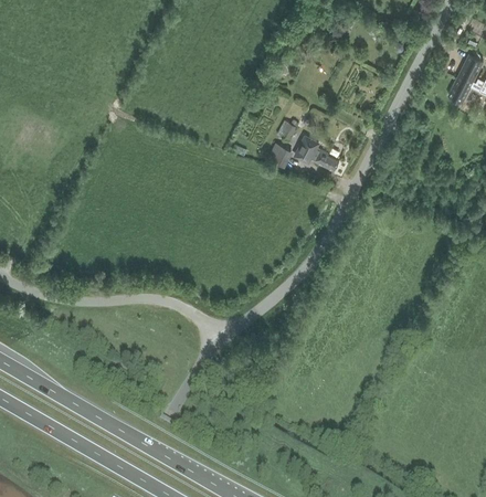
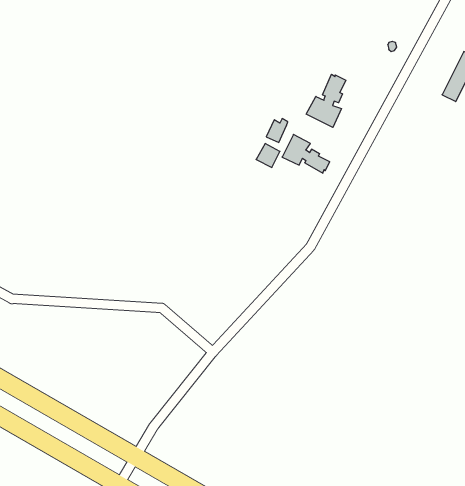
building: none -> [306,74,346,127]

